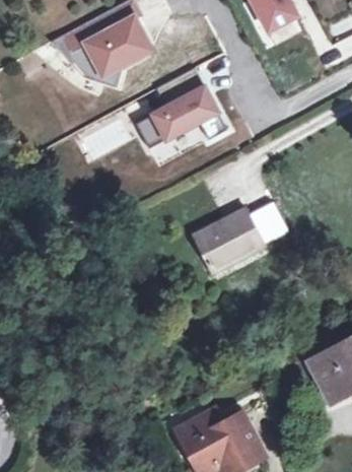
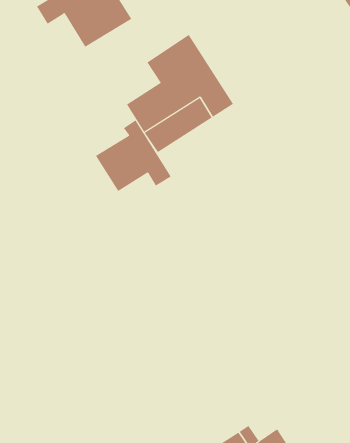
building: none -> [95,120,172,192]
building: [194,202,289,275] -> none

